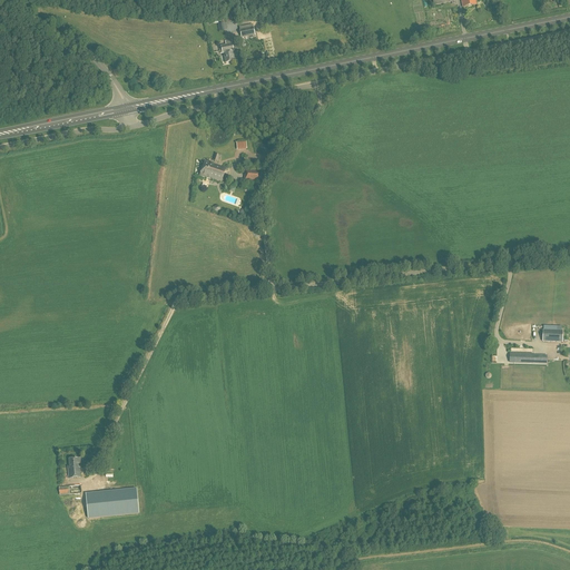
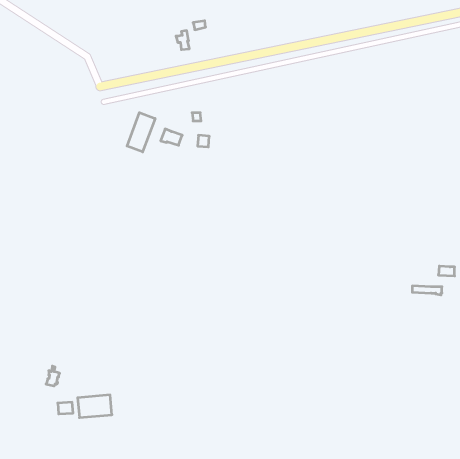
building: none -> [127,113,155,152]

